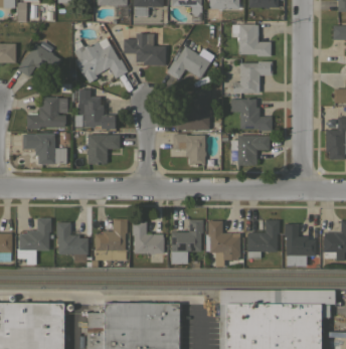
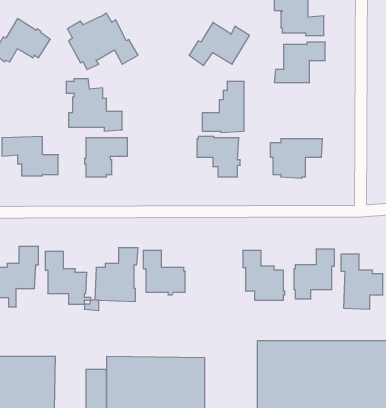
building: [124,33,166,65] -> none
building: [26,97,67,129] -> none
building: [229,99,272,131] -> none
building: [171,219,203,264] -> none

